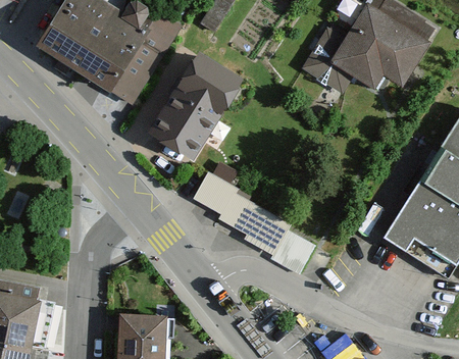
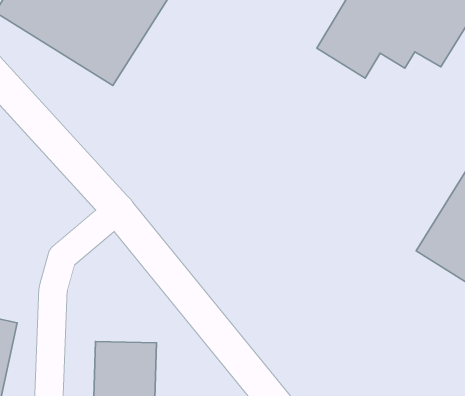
building: [145,50,242,159] -> none
building: [190,176,317,273] -> none

